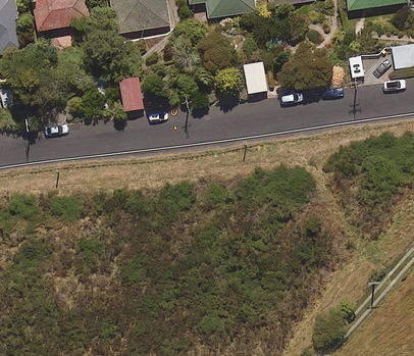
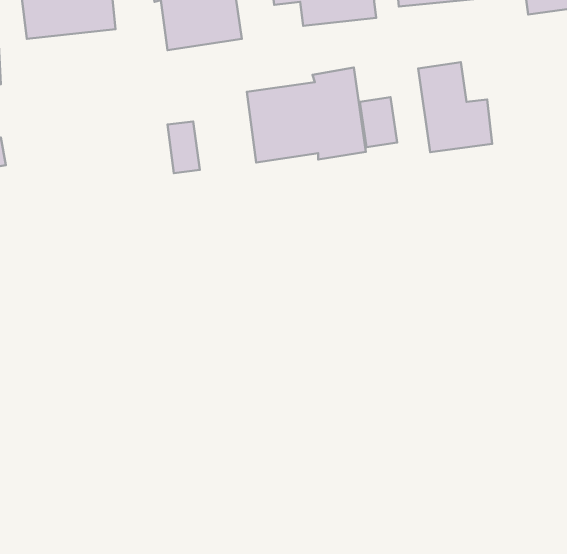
building: none -> [418,62,492,152]
building: none -> [247,67,366,163]

